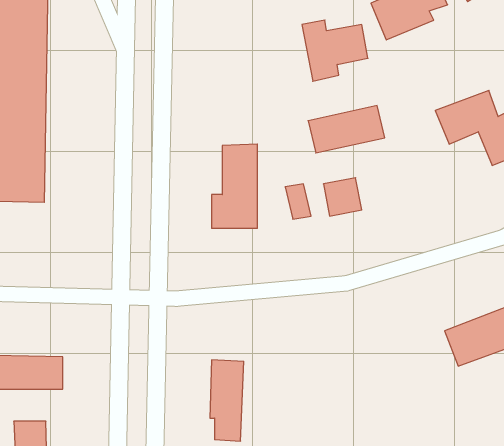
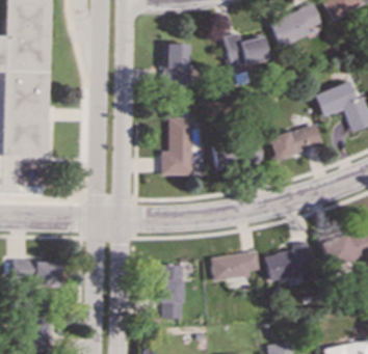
building: none -> [166,44,189,84]
building: [308,106,385,153] -> [269,126,321,158]
building: none -> [264,242,315,281]
building: none -> [212,252,260,280]

